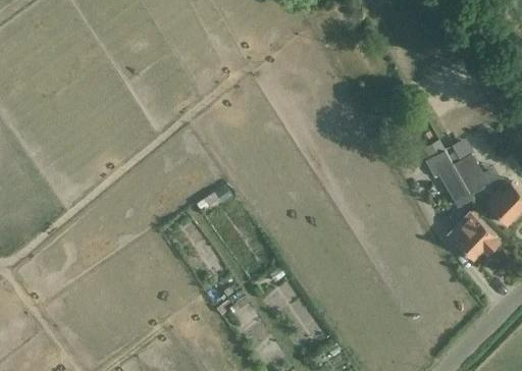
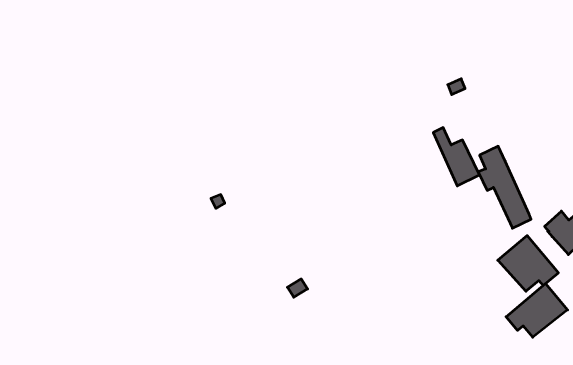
building: [448,146,490,195] -> [433,128,480,186]
building: none -> [506,284,568,337]

